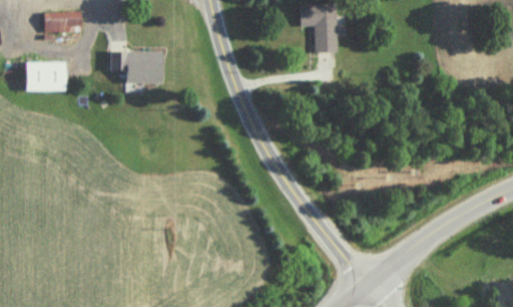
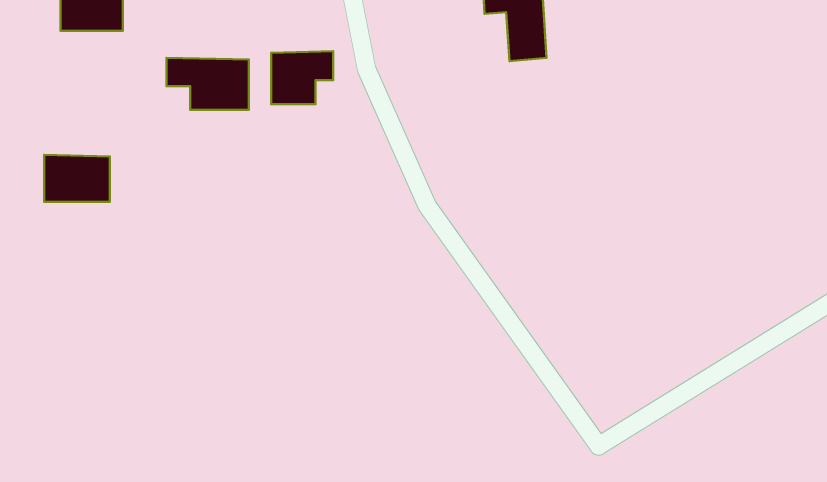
building: none -> [271,51,333,104]
building: [26,61,65,89] -> [44,155,110,202]

